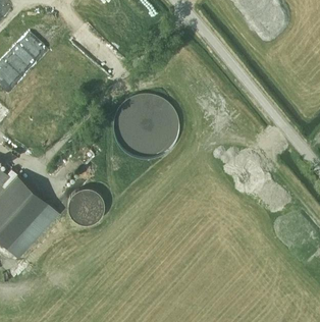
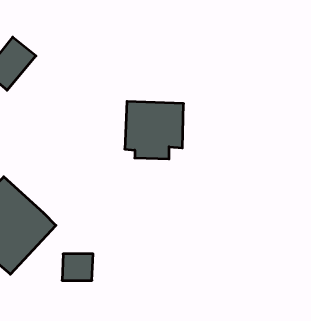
building: [70,192,99,216] -> [62,254,93,280]

